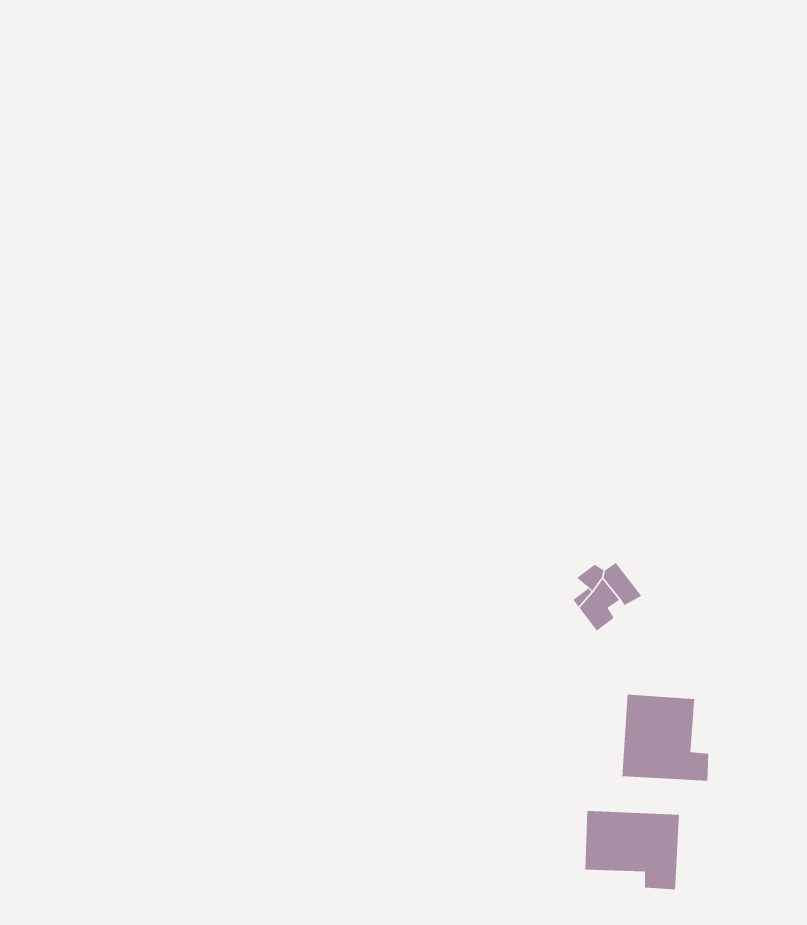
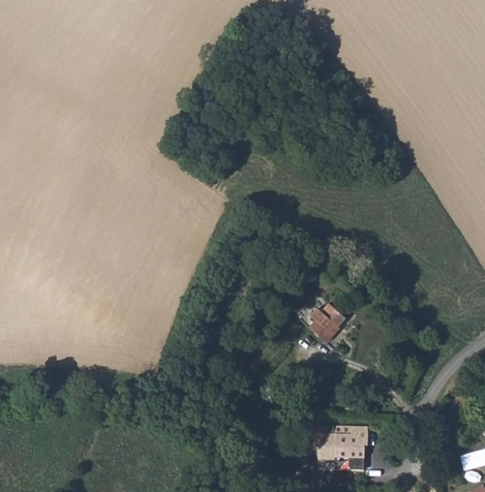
building: [622,694,709,781] -> none

